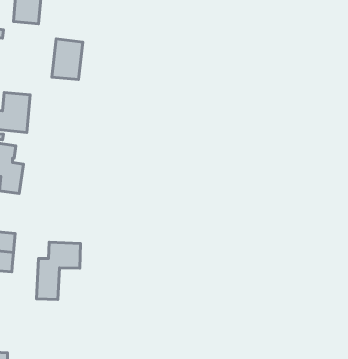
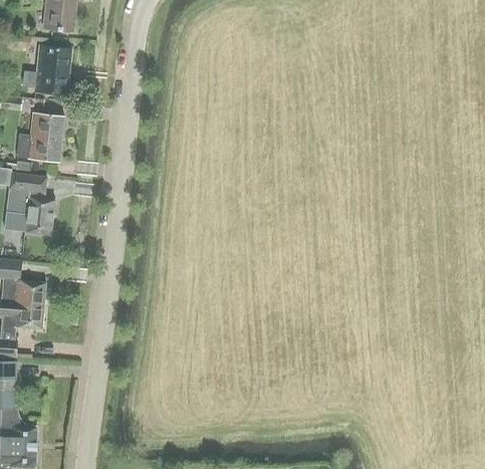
building: [52,39,83,80] -> [34,44,71,93]
building: [36,242,81,300] -> none

